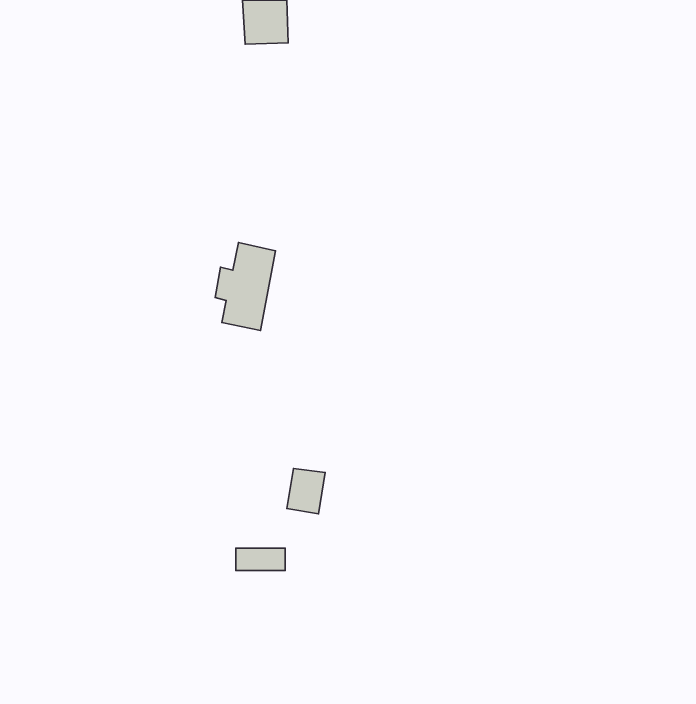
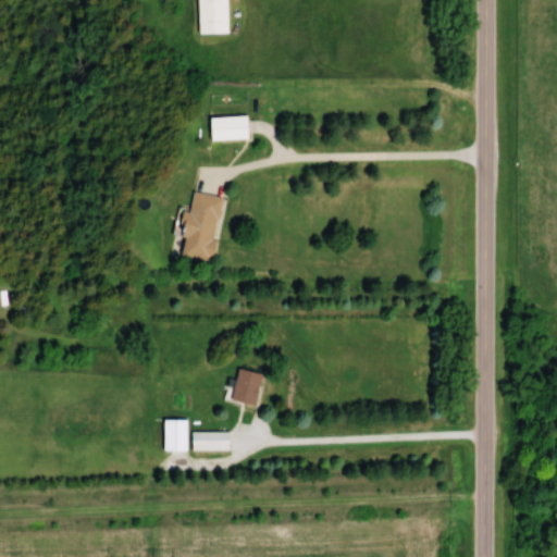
building: none -> [210,116,248,139]
building: none -> [164,420,187,451]

